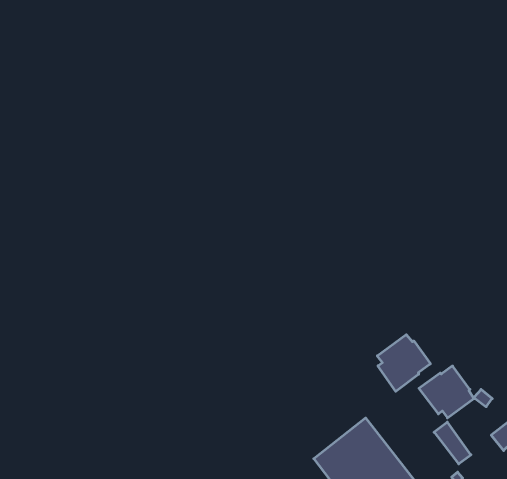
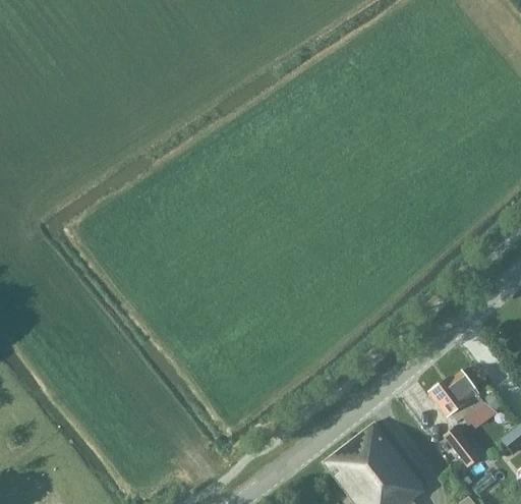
building: [377,335,430,391] -> none

